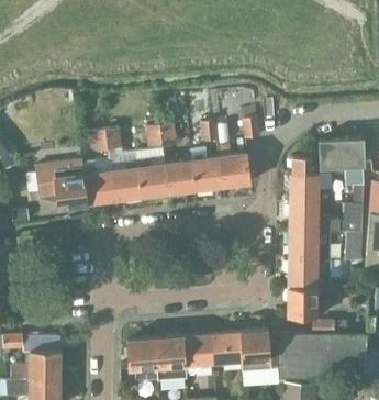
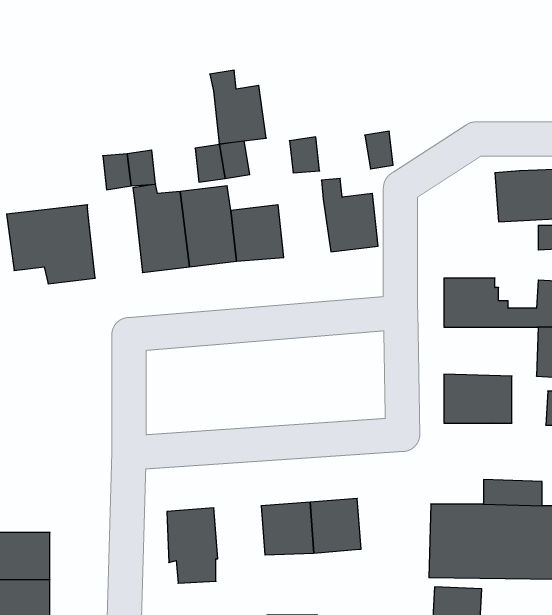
building: [191,147,224,190] -> [210,70,266,144]
building: [290,156,331,202] -> none
building: [82,158,114,202] -> none
building: [290,231,330,259] -> none
building: [289,287,328,316] -> none
building: [239,329,280,370] -> none
building: [156,335,186,379] -> none

